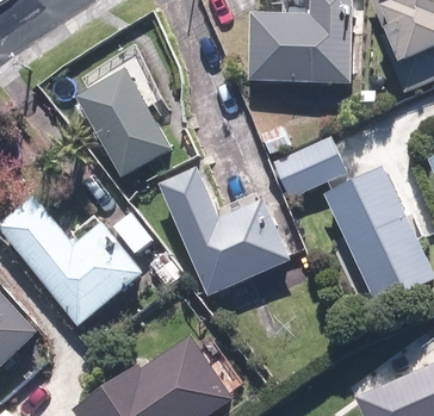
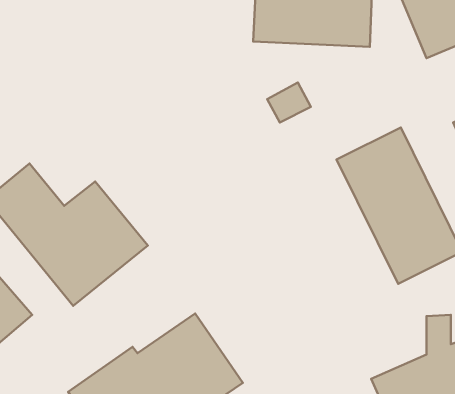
building: [75,55,174,179] -> none
building: [272,132,348,198] -> none
building: [156,164,289,296] -> none

